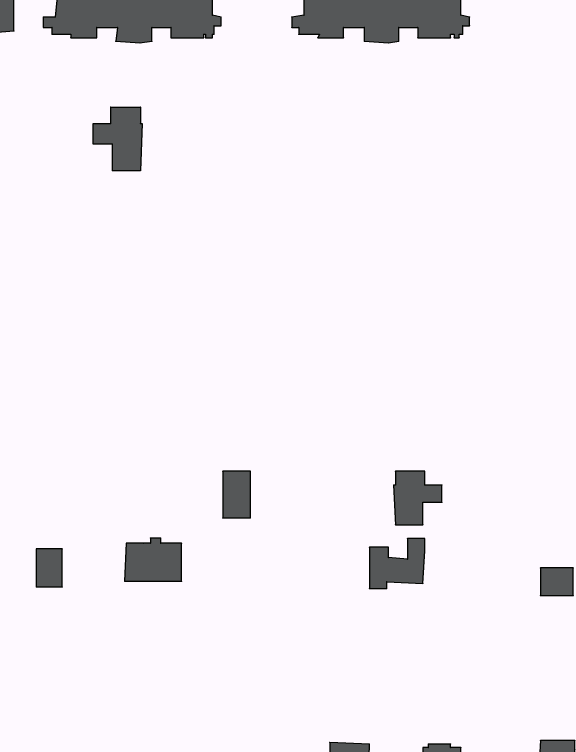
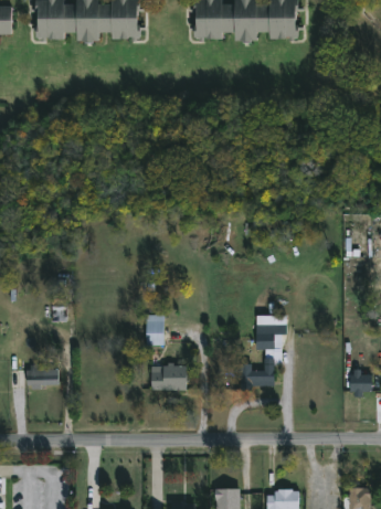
building: [93,107,142,171] -> none
building: [125,538,182,581] -> [150,362,187,390]

